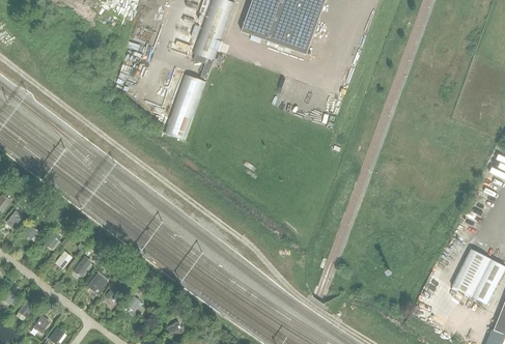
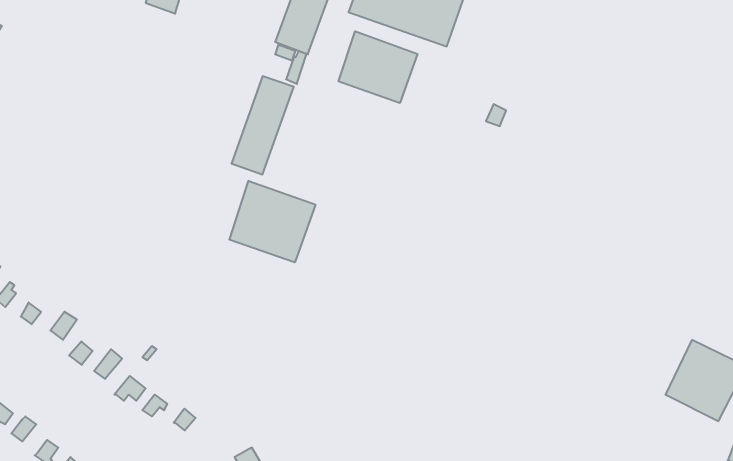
building: none -> [339,31,418,103]
building: none -> [229,181,315,262]

